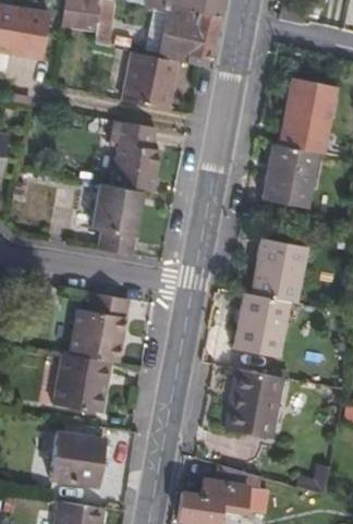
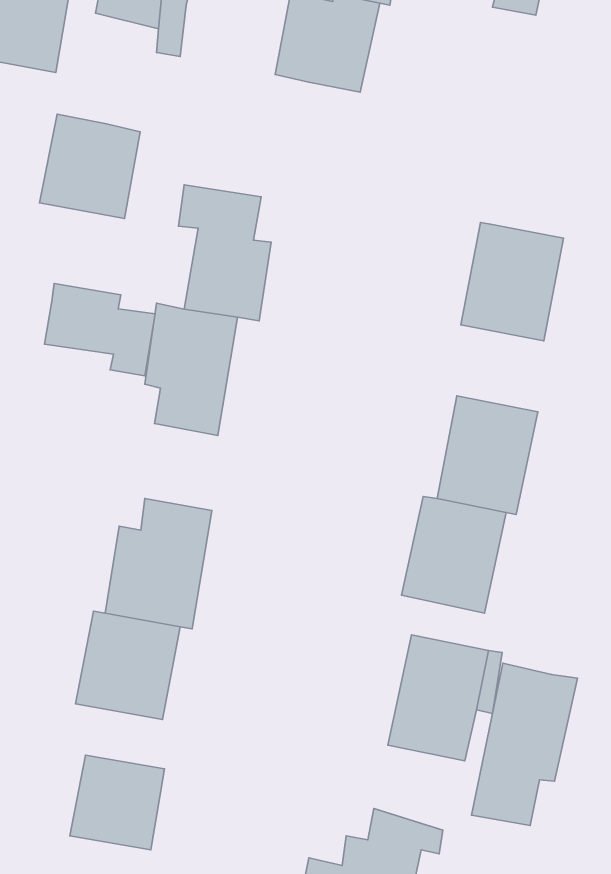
building: [125,53,181,111] -> [39,114,140,219]
building: [281,76,342,150] -> none
building: none -> [45,284,155,376]
building: none -> [472,663,577,825]

